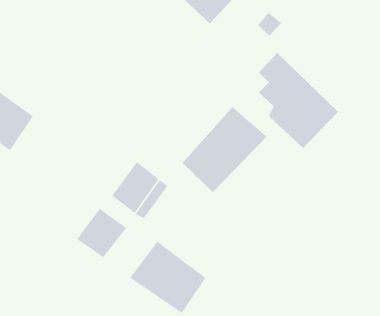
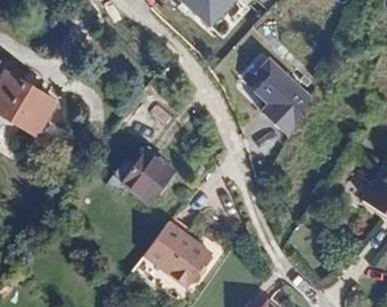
building: [182,106,268,193] -> none
building: [76,208,127,258] -> none

